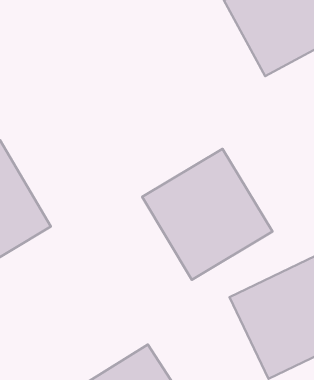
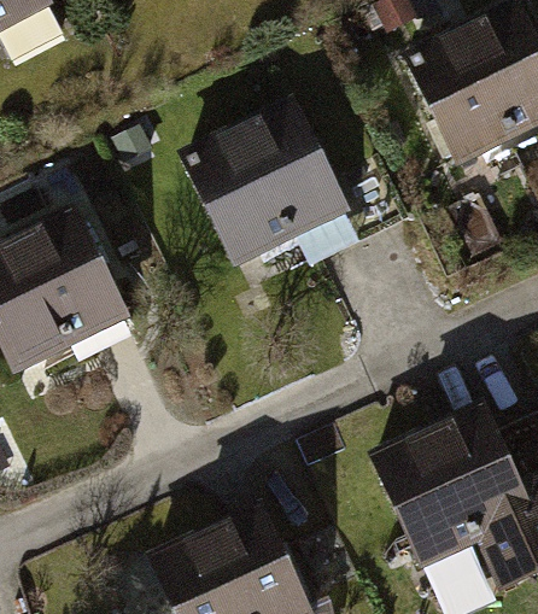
building: none -> [183,101,350,267]
building: [142,149,272,280] -> none

